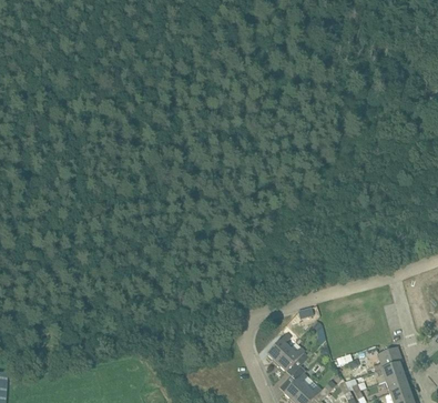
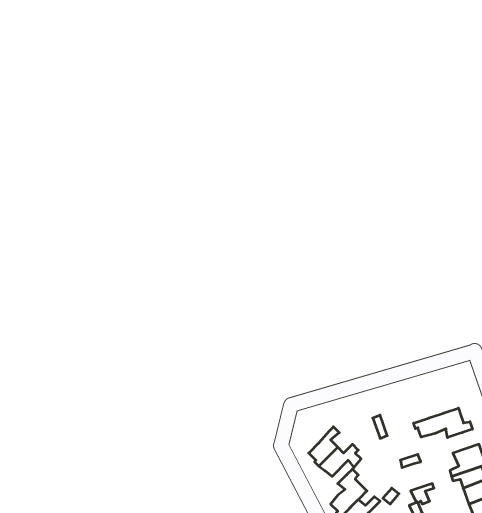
building: none -> [414,408,472,438]

